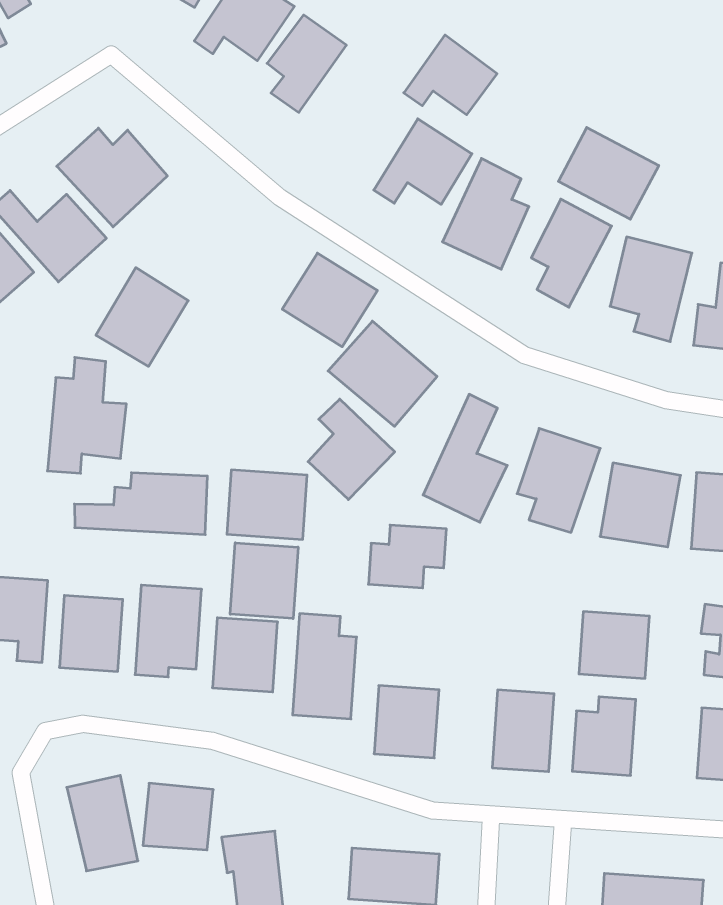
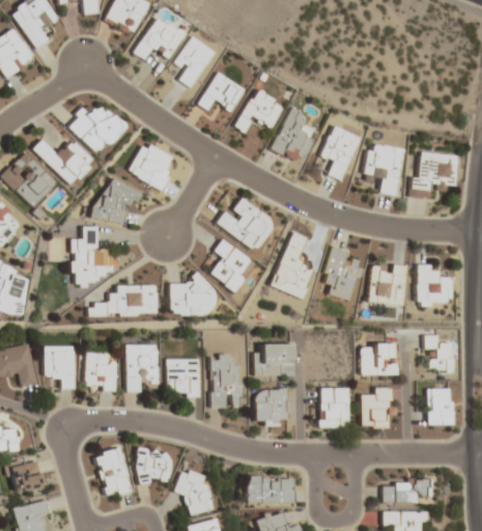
building: [404,35,497,115] -> [197,72,246,113]
building: [558,127,659,219] -> none
building: [282,253,377,347] -> [127,141,177,190]
building: [368,525,446,588] -> [254,343,293,375]
building: [230,543,298,619] -> none

